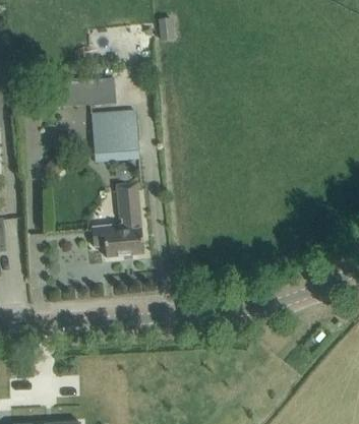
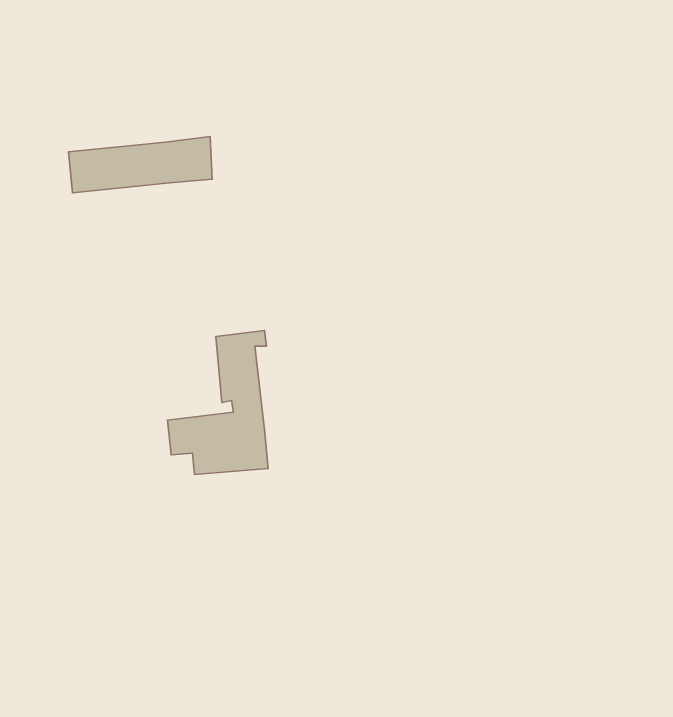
building: [92,112,139,161] -> none

